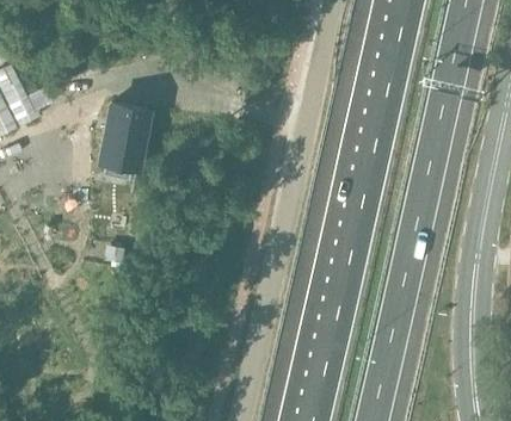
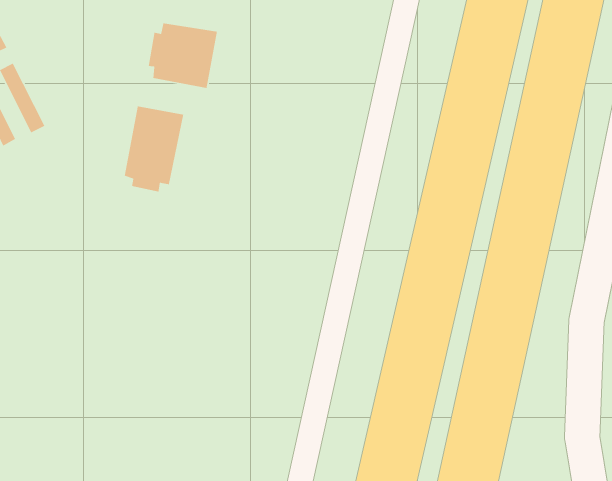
building: none -> [148,22,218,89]

